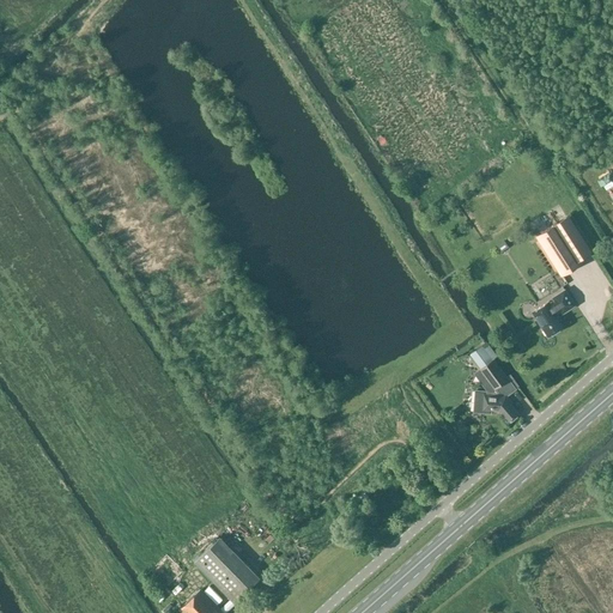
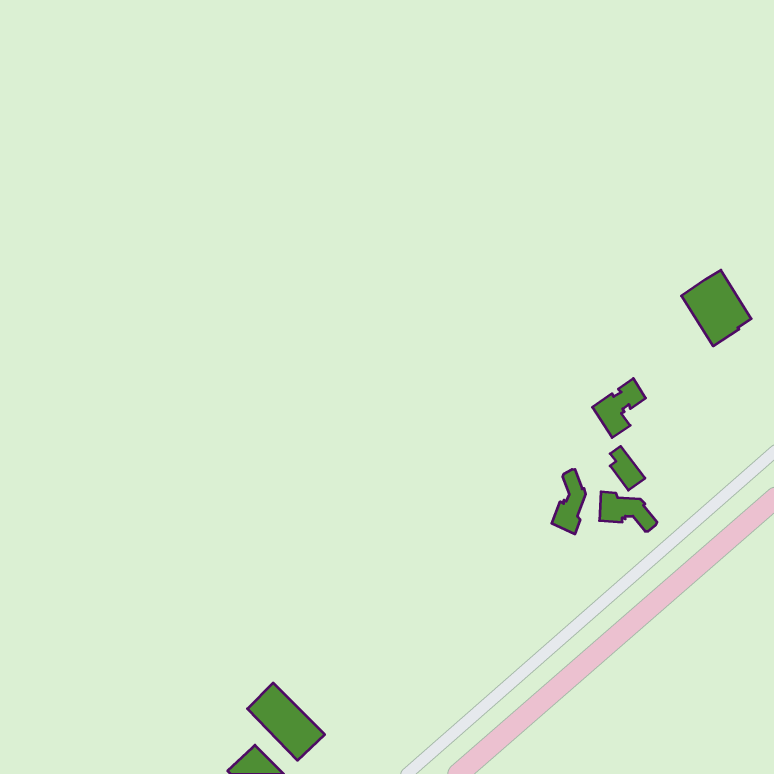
building: [534,287,576,334] -> [592,378,646,438]
building: none -> [552,469,586,534]

